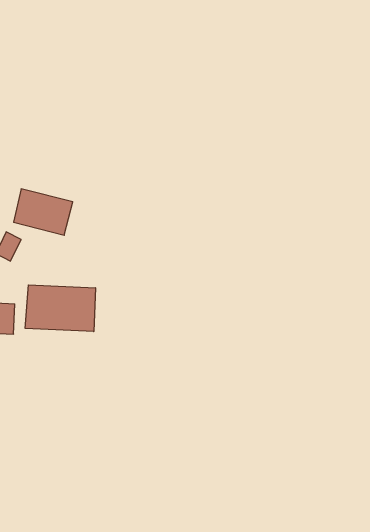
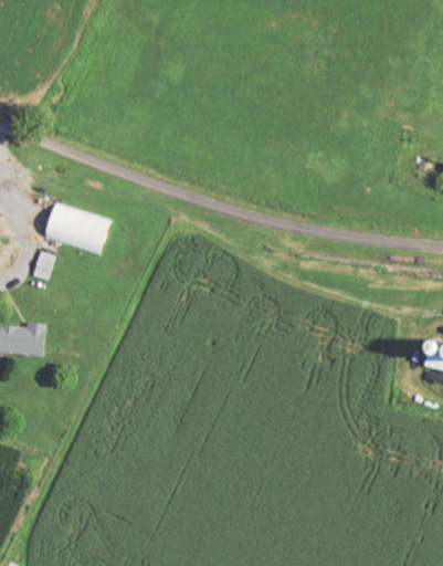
building: [25,285,95,332] -> none

